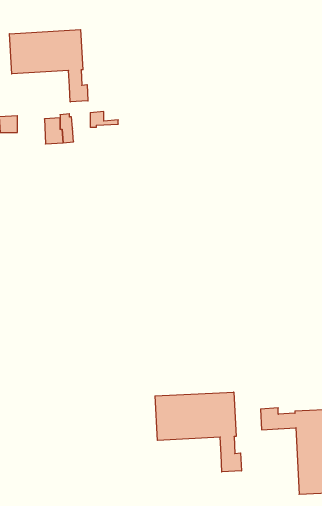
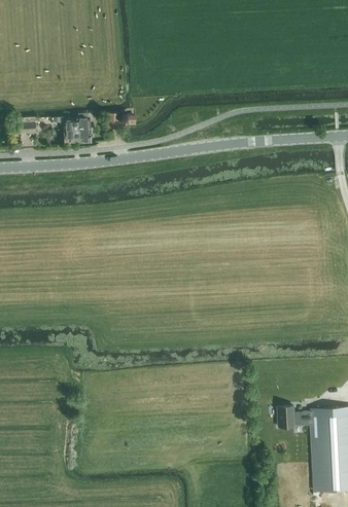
building: [9,30,88,102] -> none
building: [155,392,241,472] -> none

